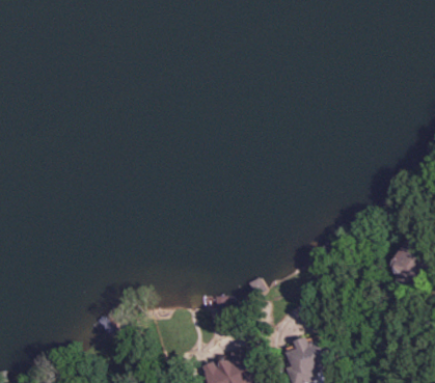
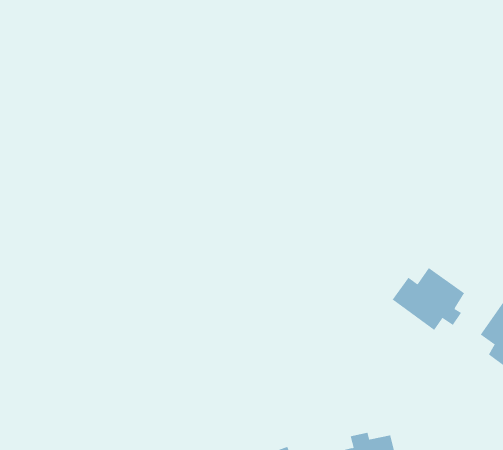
building: none -> [392,267,465,331]

